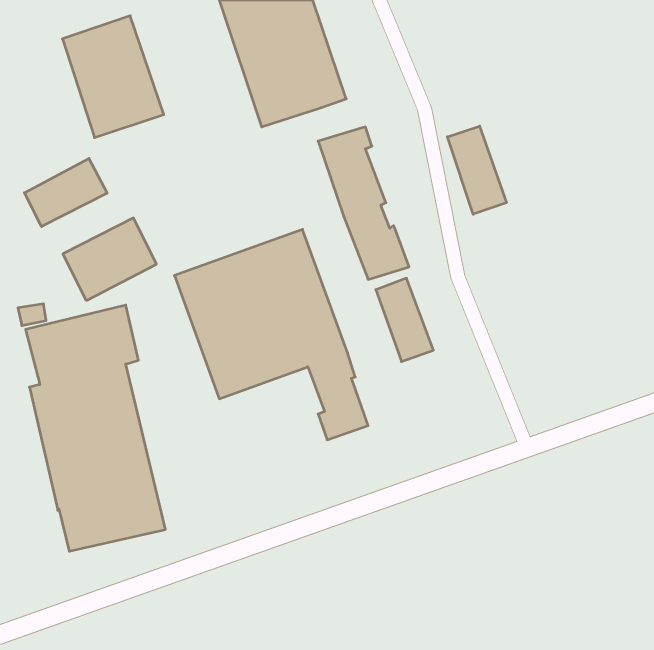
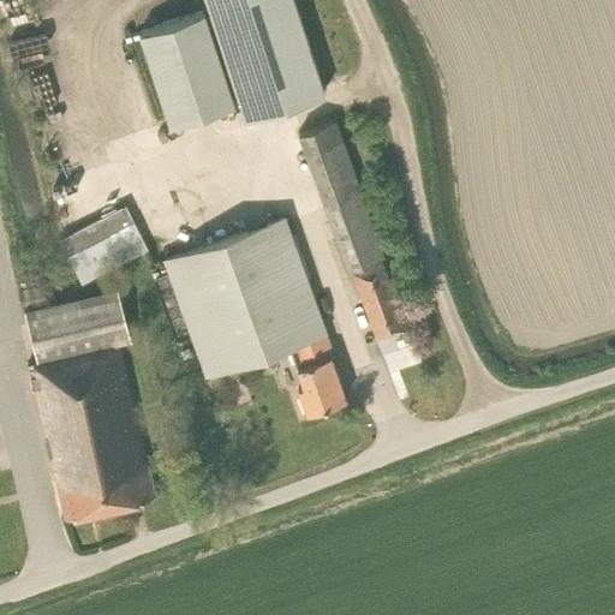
building: [62,16,164,138] -> [141,16,235,130]
building: [447,126,506,214] -> none
building: [24,158,107,227] -> none

